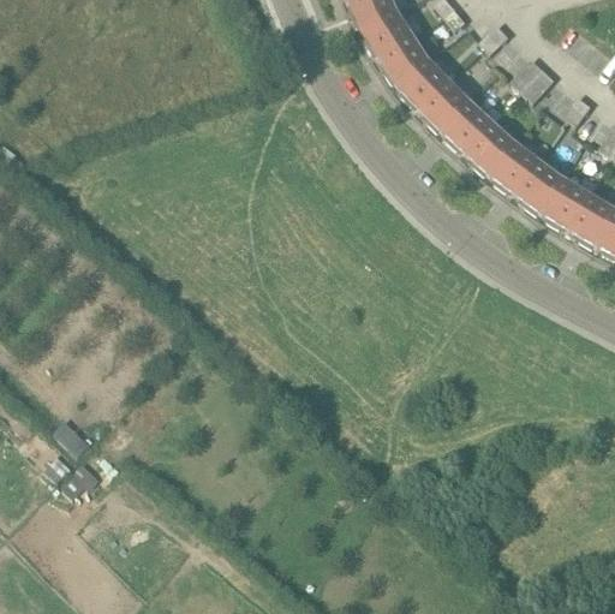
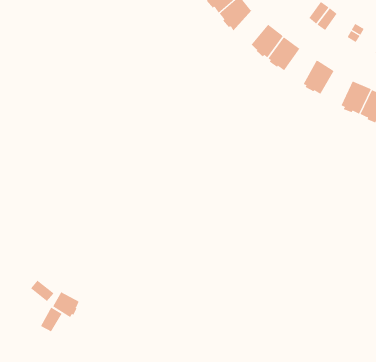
building: [399,59,452,109] -> none
building: [467,123,517,175] -> none
building: [517,161,566,214] -> none
building: none -> [52,291,80,318]

